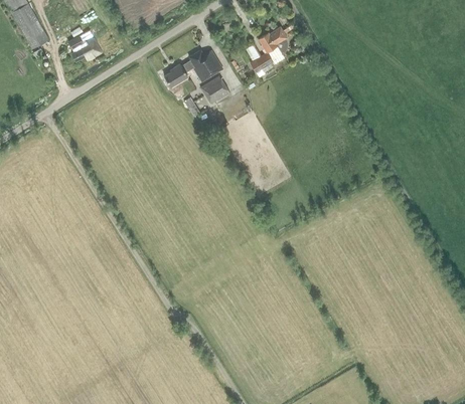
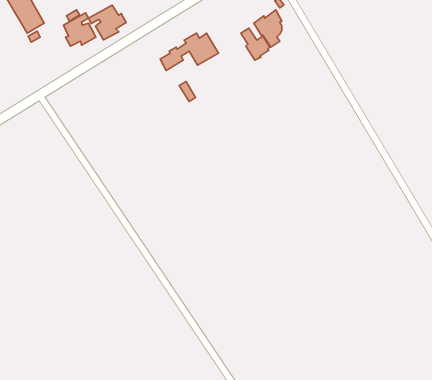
building: none -> [89,5,126,40]
building: [200,75,230,104] -> none

